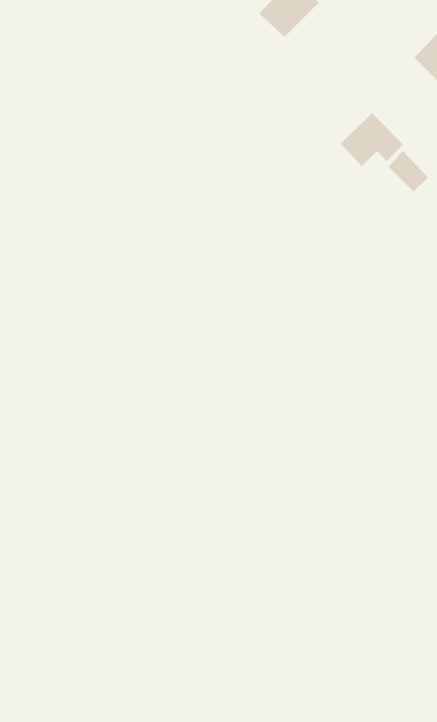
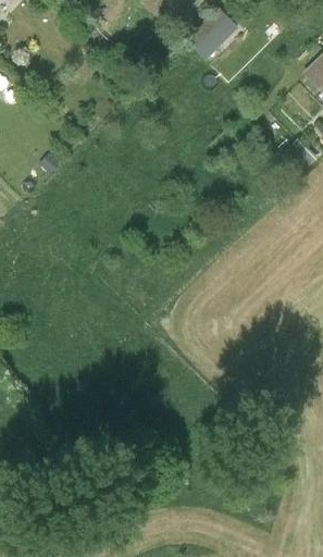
building: [340,113,404,167] -> none

